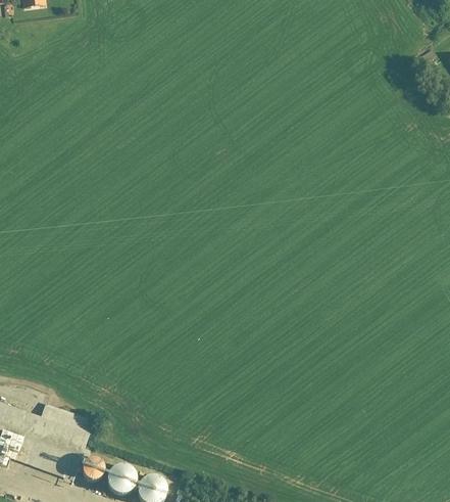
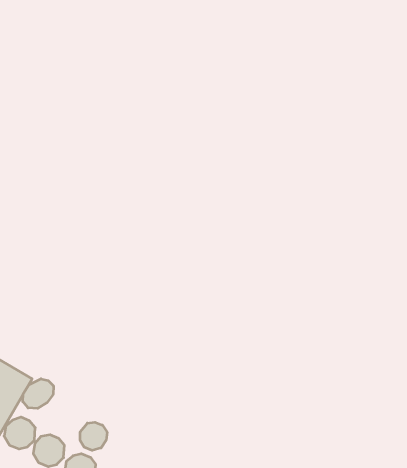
building: none -> [23,379,53,408]
building: none -> [80,422,107,450]

